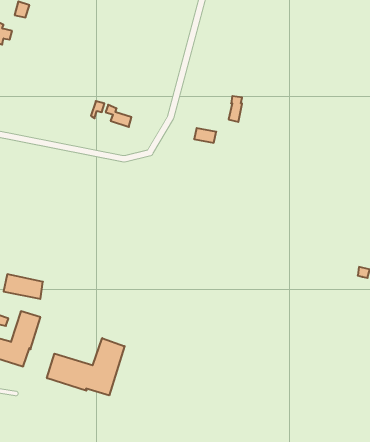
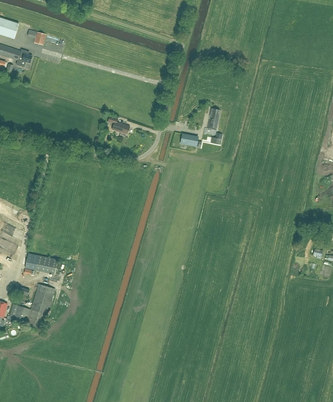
building: [47,338,125,395] -> none

